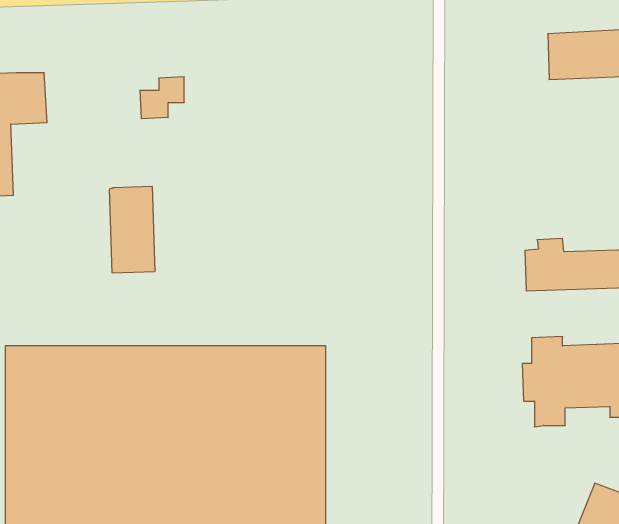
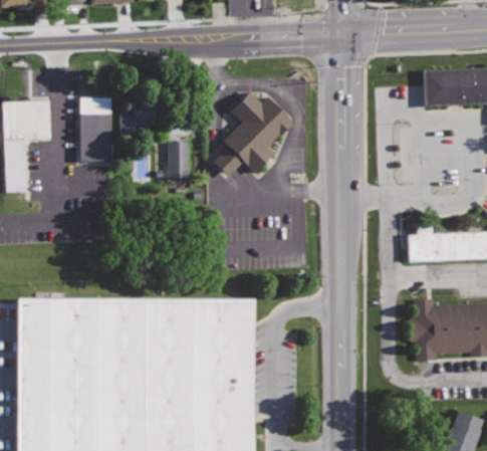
building: none -> [214,92,292,175]
building: none -> [167,144,188,180]
building: [109,187,155,273] -> [79,95,113,160]

